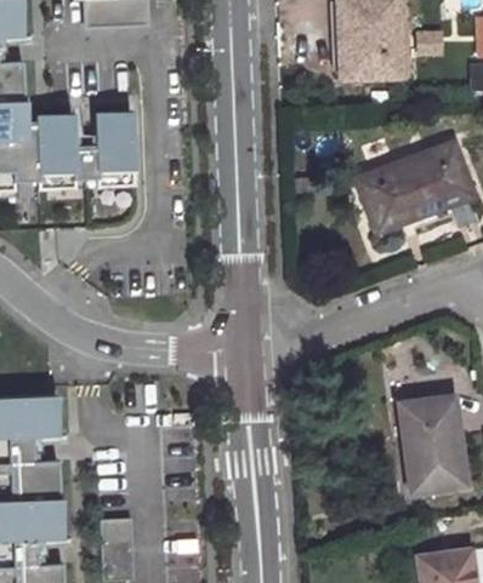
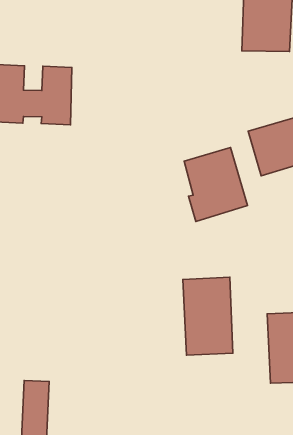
building: none -> [184,147,248,221]
building: none -> [183,277,233,355]

